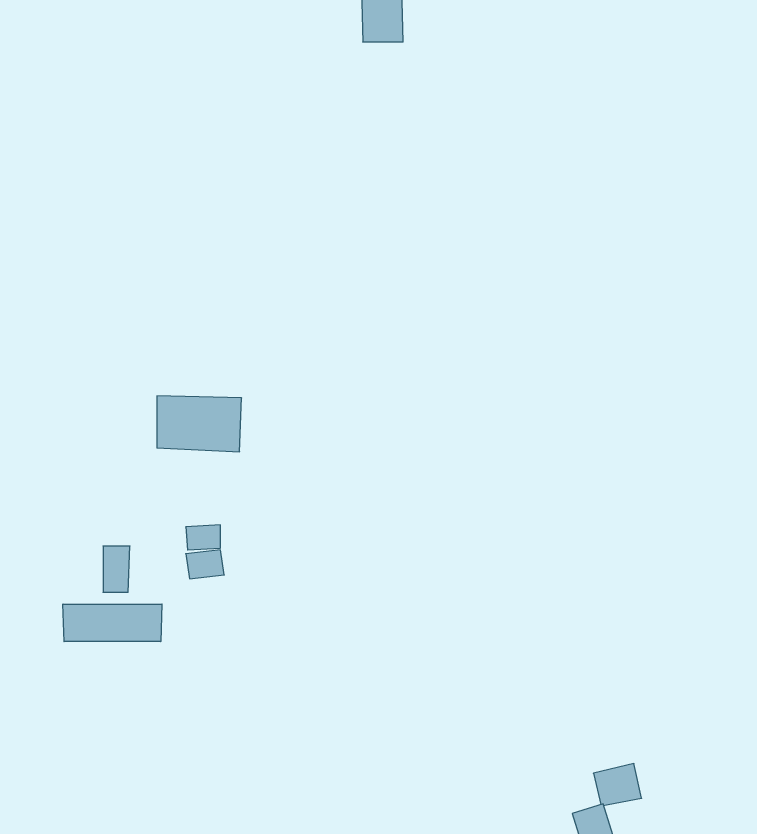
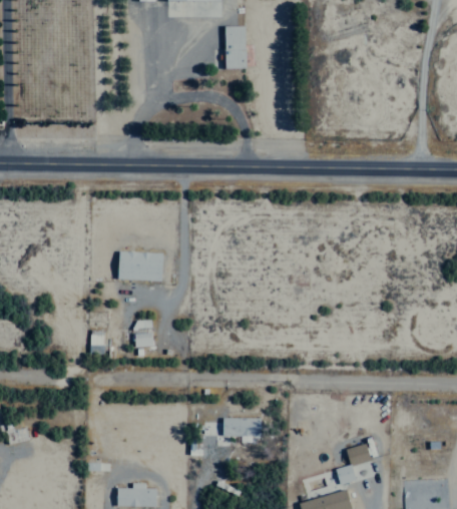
building: [63,604,162,642] -> none
building: none -> [222,418,261,442]

